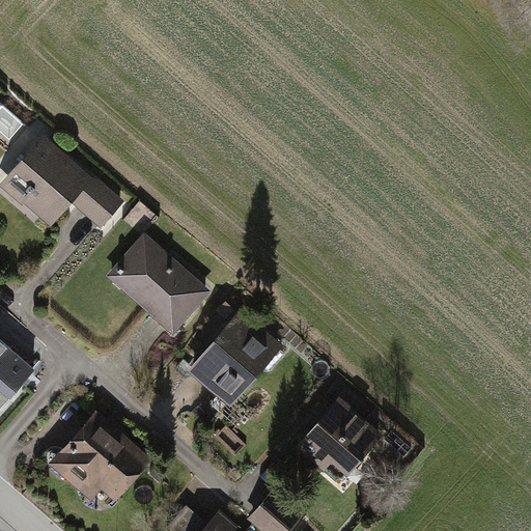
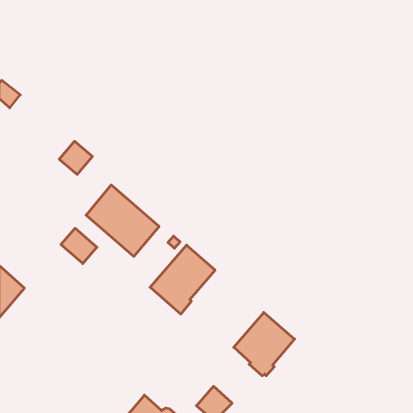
building: [4,141,85,221] -> none
building: none -> [61,228,97,264]
building: [53,417,144,496] -> none

